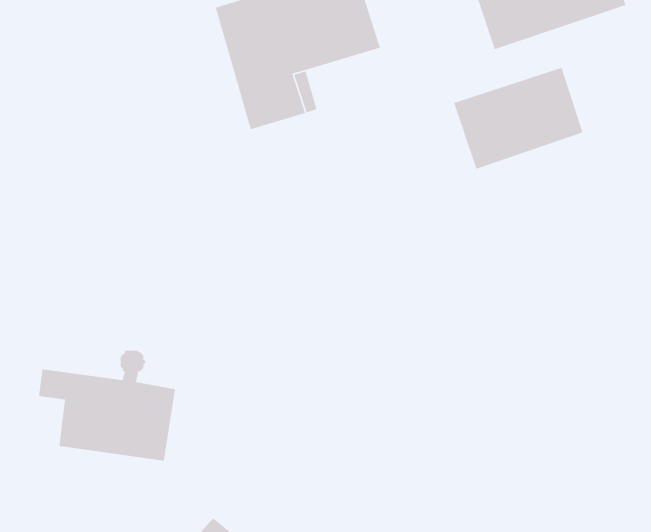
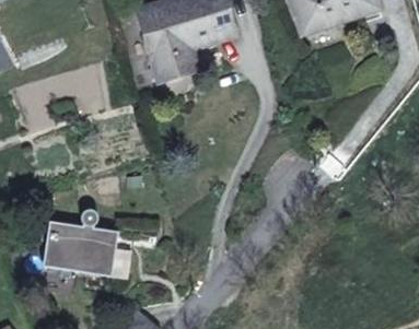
building: [453,67,584,170] -> none

